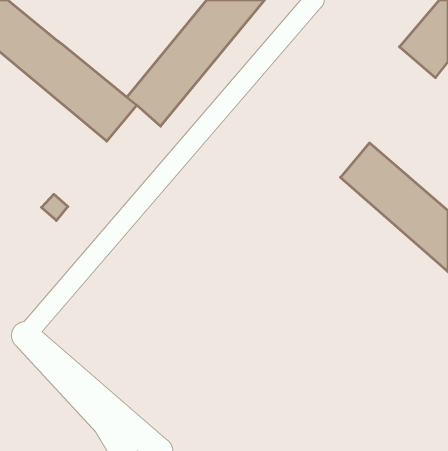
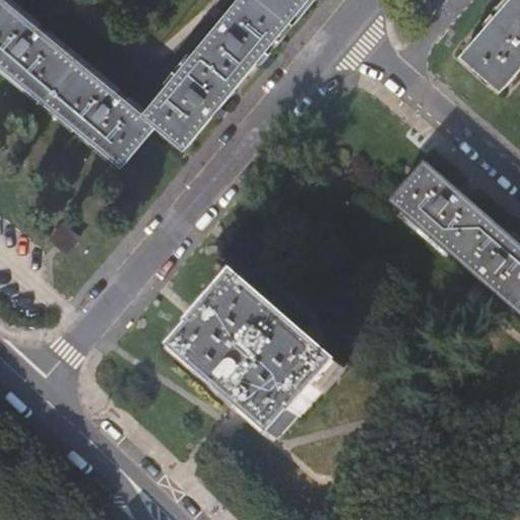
building: none -> [176,277,342,440]

